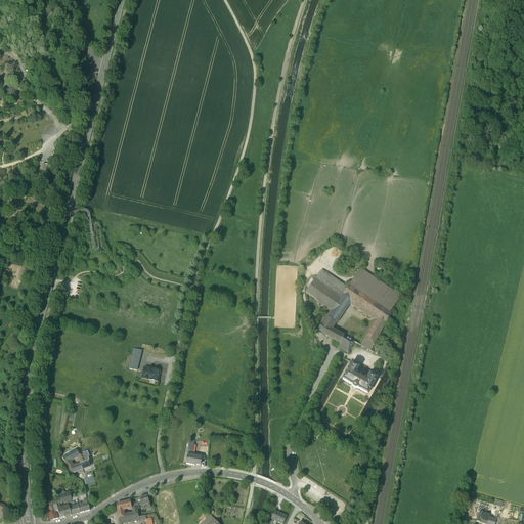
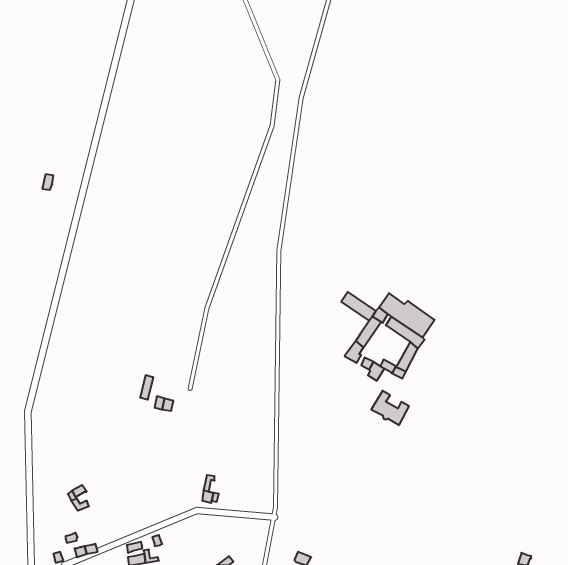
building: [306,278,340,308] -> none

